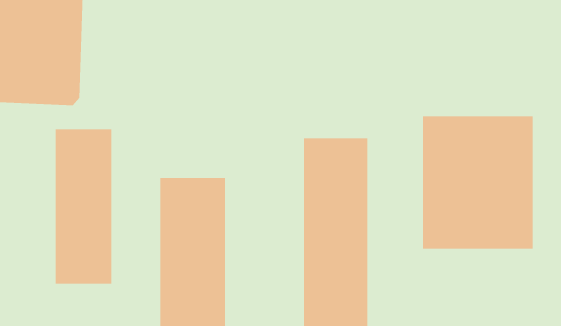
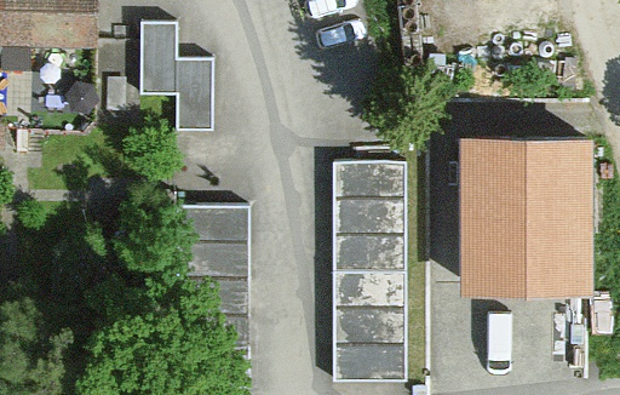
building: none -> [140,21,212,130]
building: [55,128,112,285] -> none

